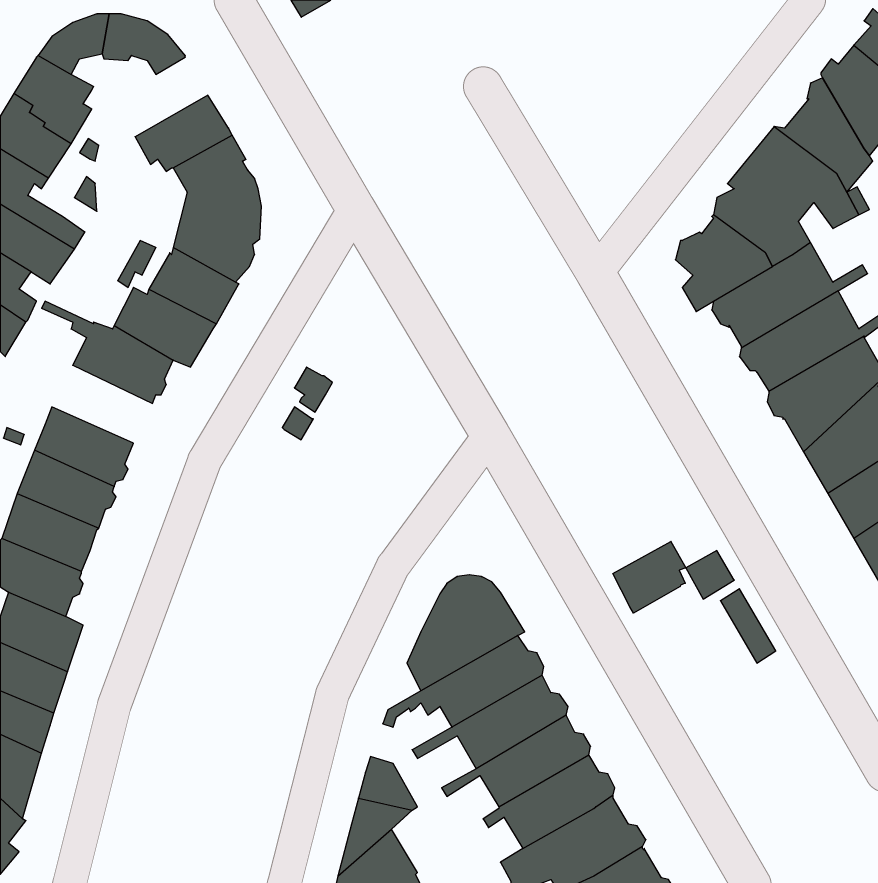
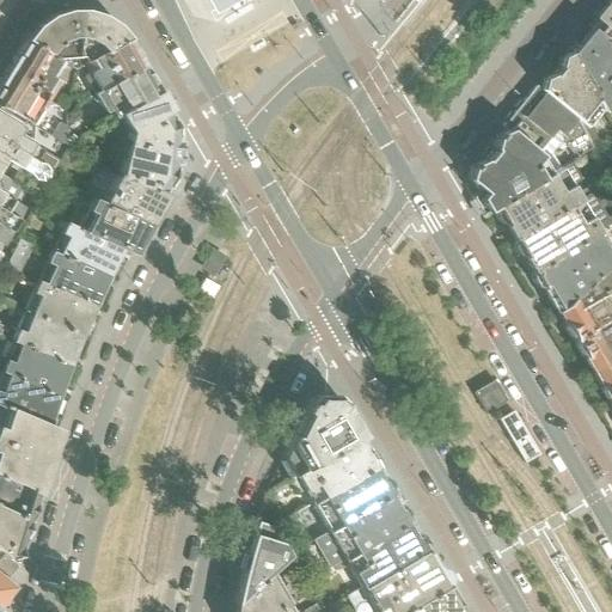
building: none -> [88,41,148,96]
building: none -> [41,253,110,307]
building: [613,541,686,613] -> none

